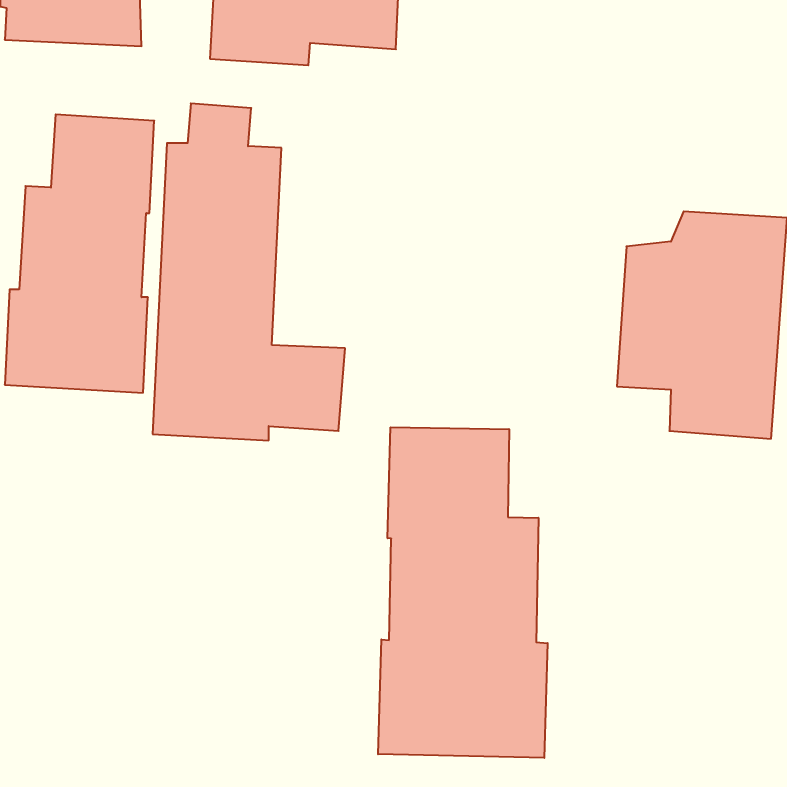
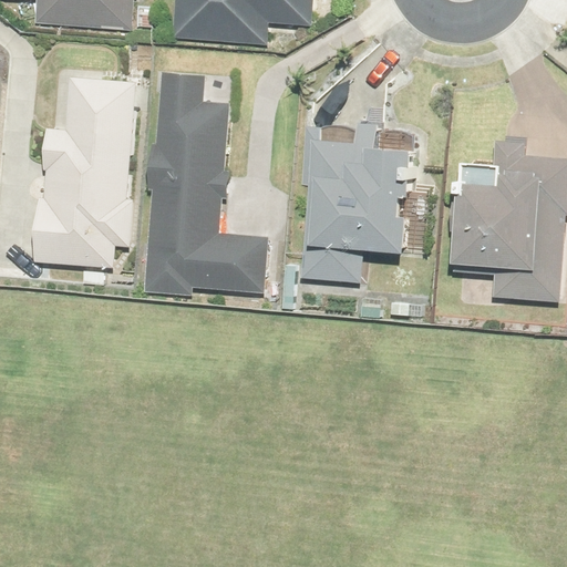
building: none -> [296,130,408,285]
building: [378,427,548,758] -> none

